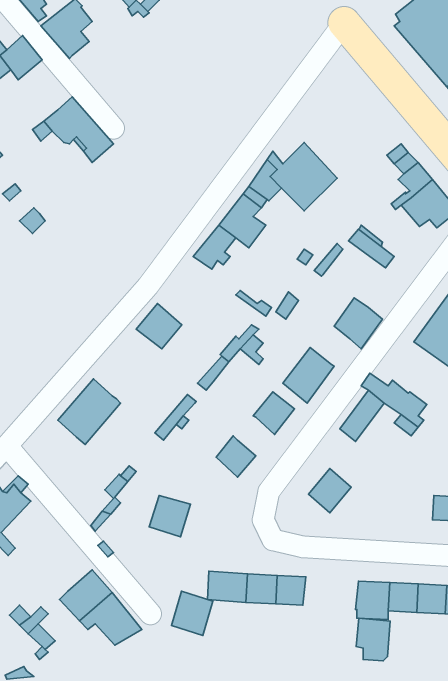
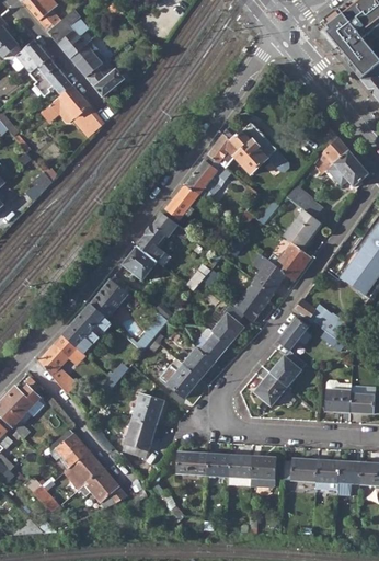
building: none -> [72,44,125,96]
building: none -> [30,58,72,96]
building: none -> [282,209,320,249]
building: none -> [138,213,191,266]
building: none -> [254,260,286,293]
building: none -> [89,279,127,319]
building: none -> [199,333,228,363]
building: none -> [38,335,76,393]
building: none -> [271,356,300,387]
building: none -> [160,358,199,398]
building: none -> [324,380,351,412]
building: none -> [43,428,88,467]
building: [172,591,213,635] -> [124,417,156,451]
building: [356,618,390,661] -> [250,456,276,489]

